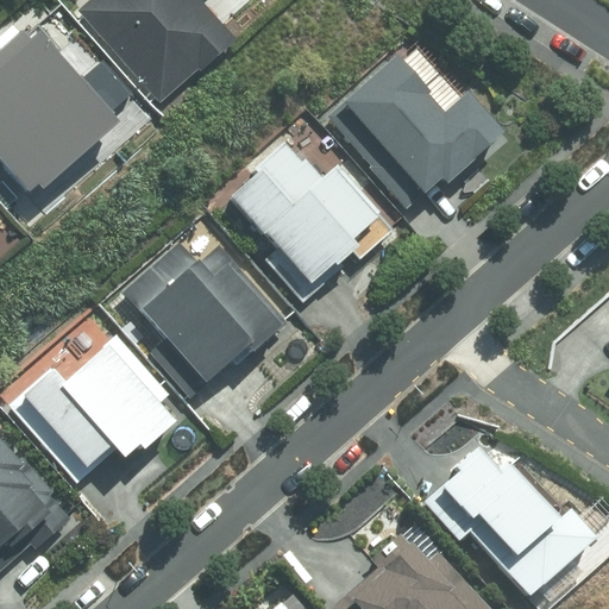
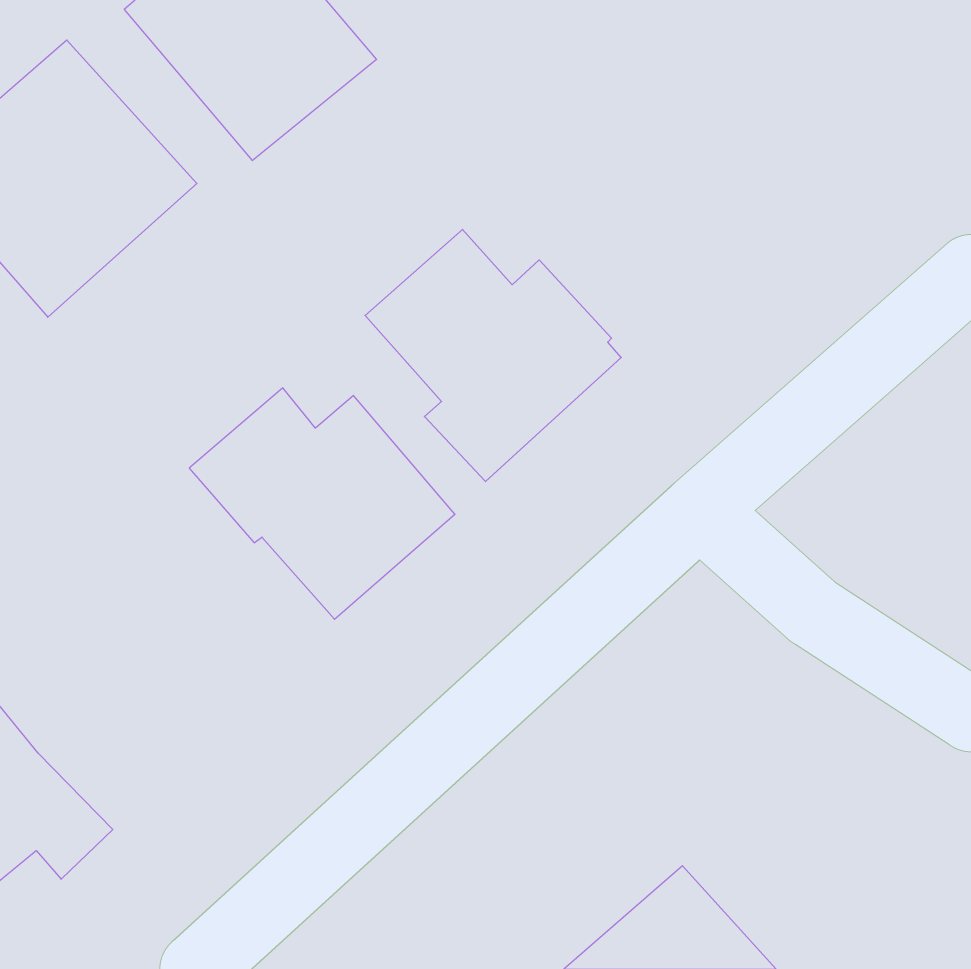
building: [327,55,507,207] -> none
building: [7,345,175,482] -> none
building: [440,446,585,594] -> none

